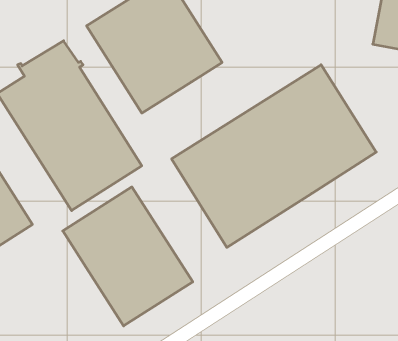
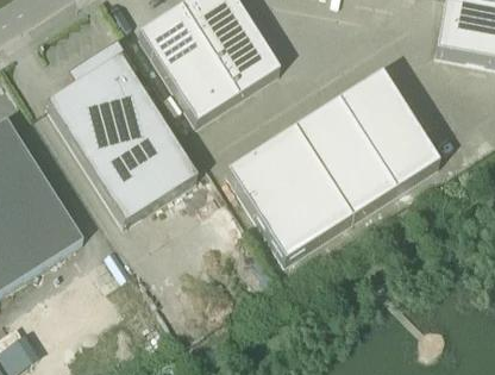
building: [63,187,193,326] -> none

